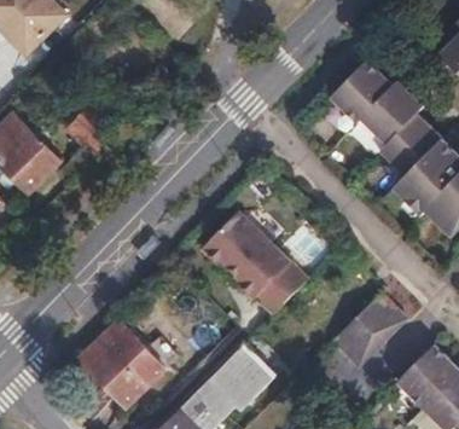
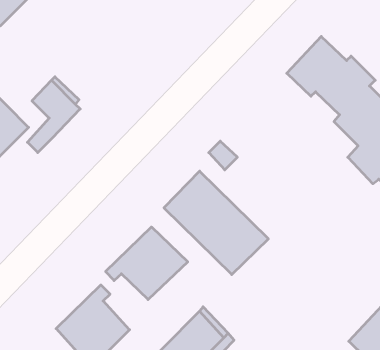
building: none -> [106,227,188,300]
building: [327,295,405,370] -> none

